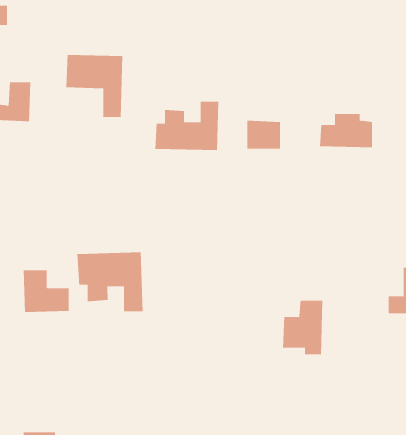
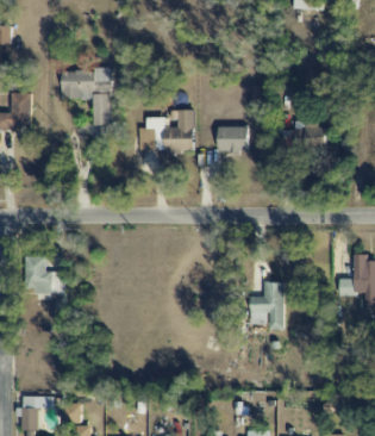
building: [77,252,143,312] -> none

